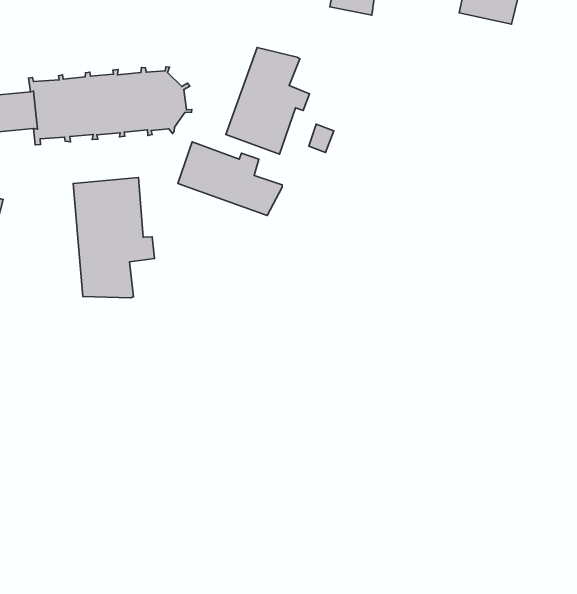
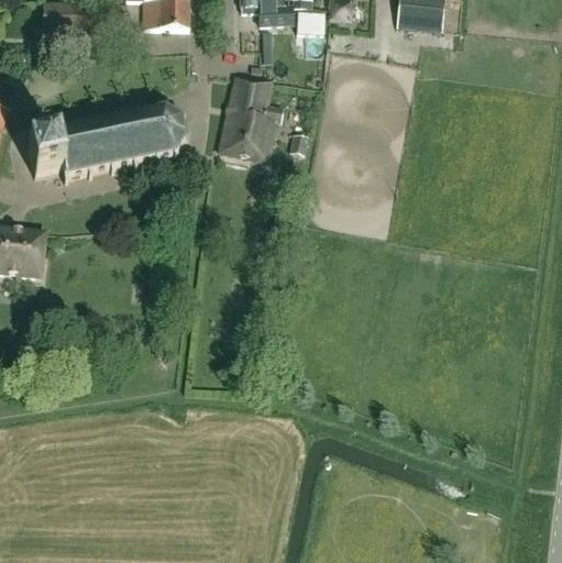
building: [178,142,282,215] -> none
building: [73,177,155,298] -> none

